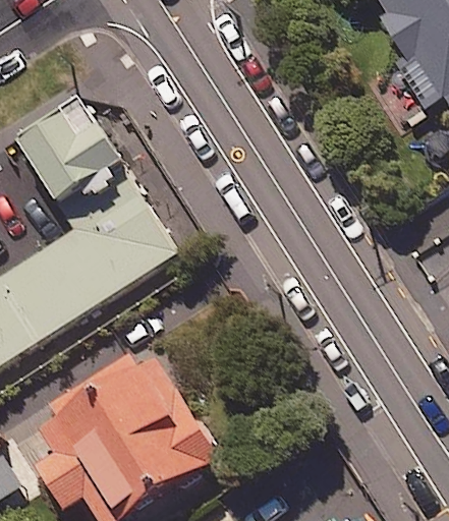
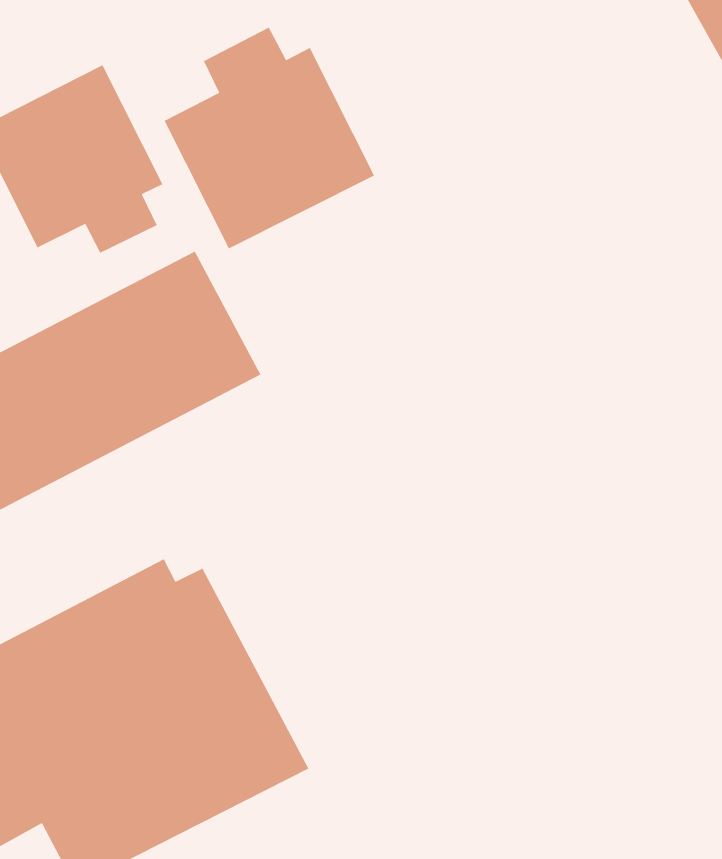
building: none -> [164,26,375,249]

